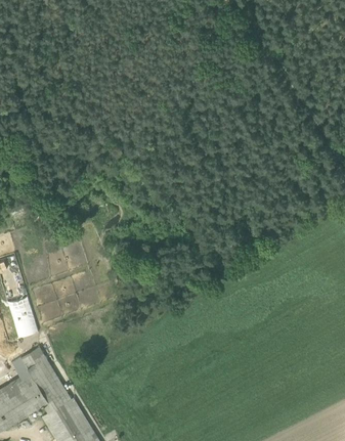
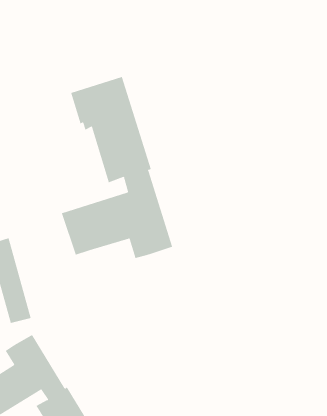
building: none -> [61,76,173,259]

